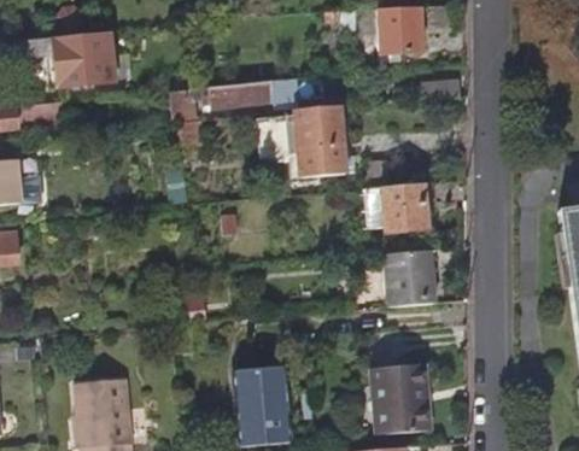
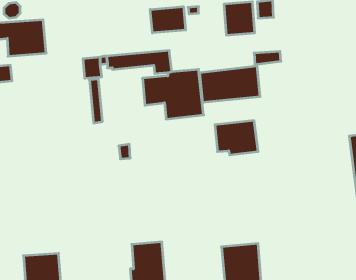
building: none -> [150,7,186,33]
building: none -> [200,66,260,103]
building: [385,251,432,305] -> none

